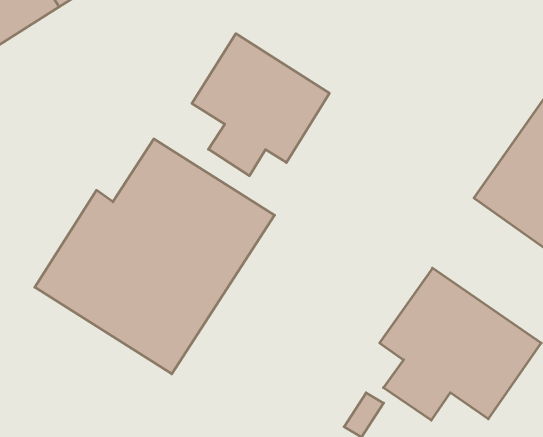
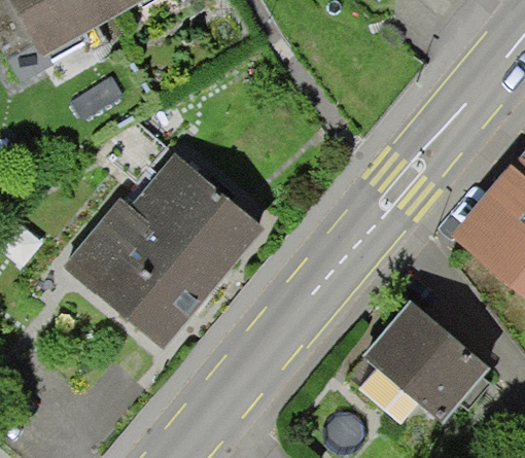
building: [192,34,329,176] -> none

